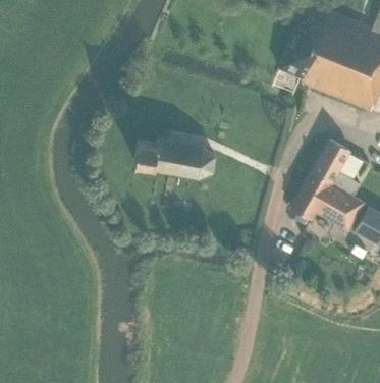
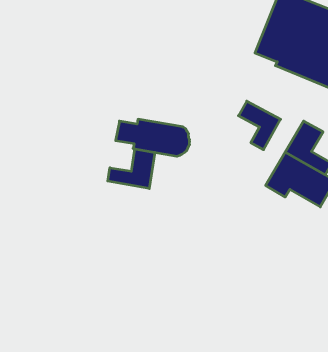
building: none -> [238,101,281,150]
building: none -> [108,149,155,189]

